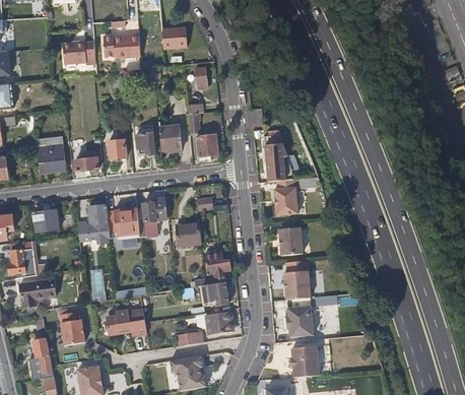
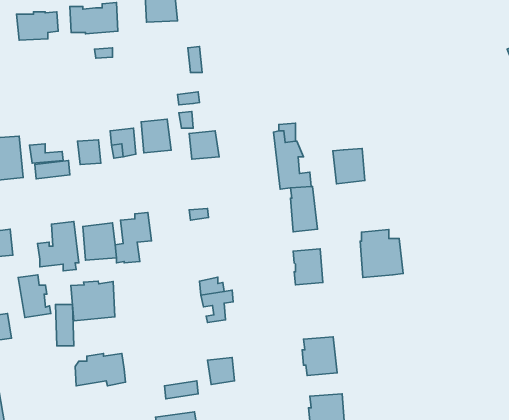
building: none -> [333,148,365,184]
building: [177,221,201,246] -> none
building: none -> [71,281,115,321]
building: [283,260,317,298] -> [360,229,403,277]
building: [201,282,227,305] -> none
building: [60,311,85,344] -> [18,275,51,318]

